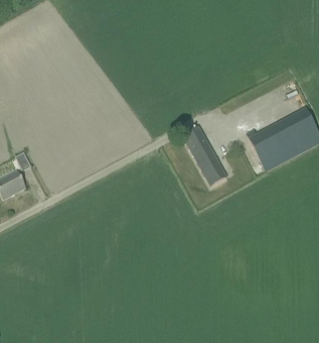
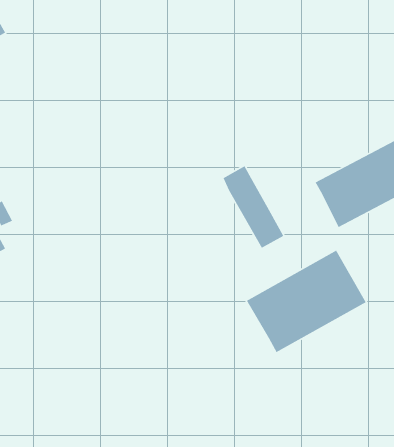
building: none -> [246,250,367,353]

